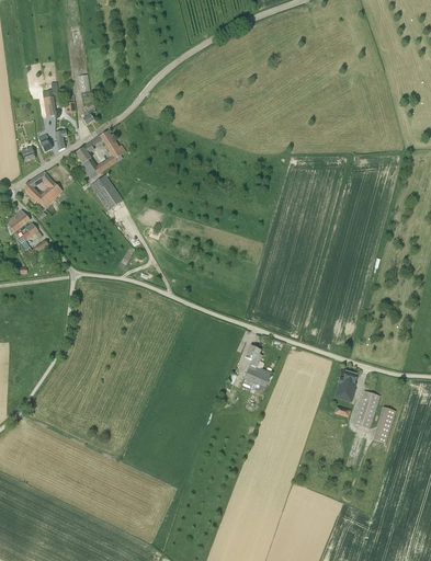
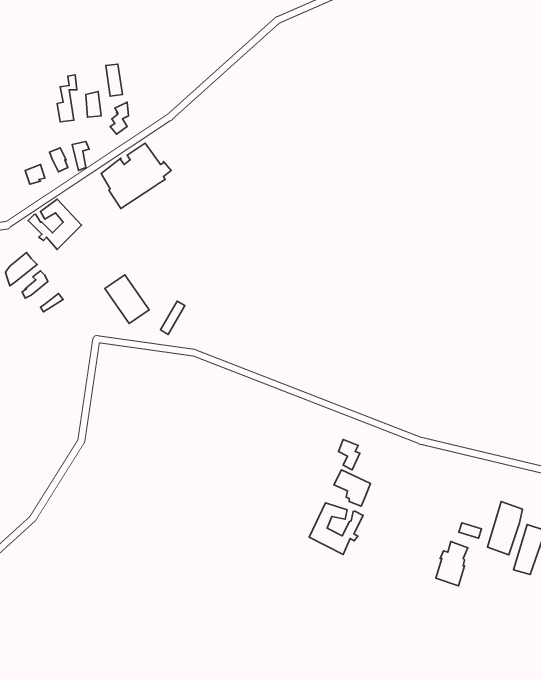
building: [90,174,122,209] -> [105,275,149,324]
building: [333,369,356,401] -> [436,542,468,586]
building: none -> [309,503,363,554]

